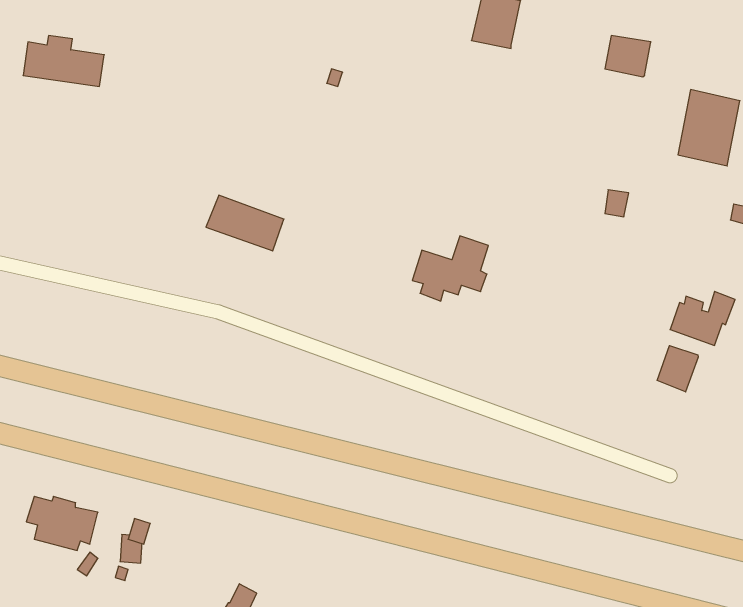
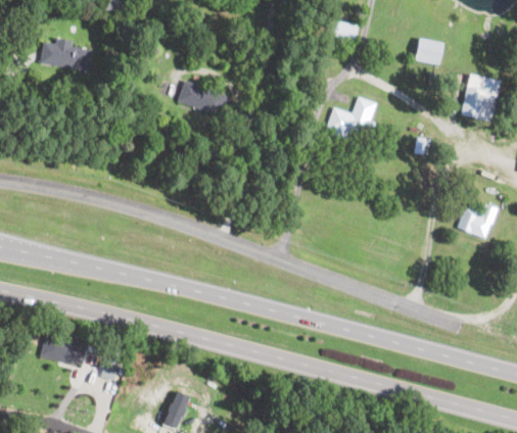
building: [206,195,284,251] -> [177,80,227,115]
building: [412,236,488,301] -> [326,97,375,139]
building: [657,346,698,392] -> none

